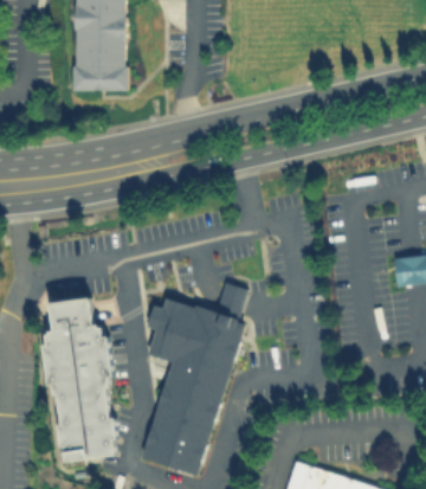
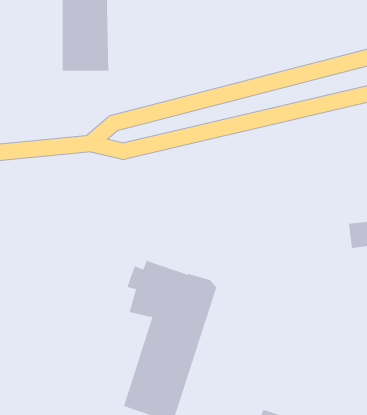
building: [212,282,248,320] -> none
building: [43,289,120,463] -> none

